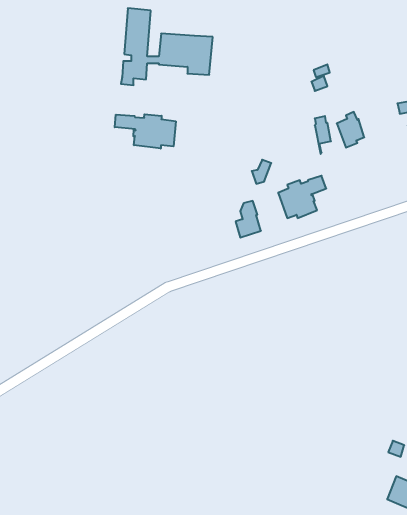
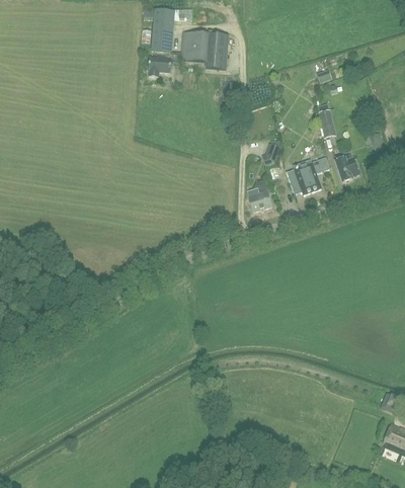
building: [337,112,364,148] -> [335,150,359,181]
building: [115,114,176,149] -> none

